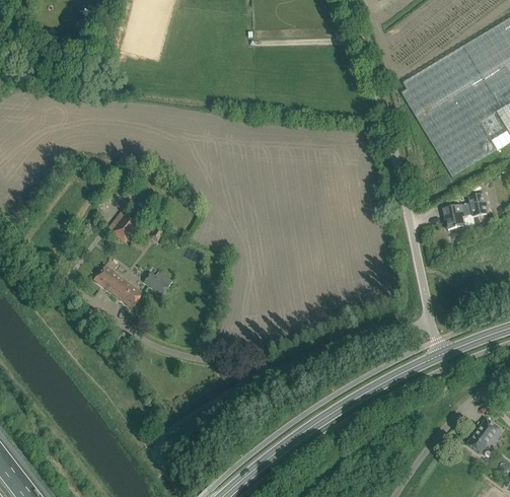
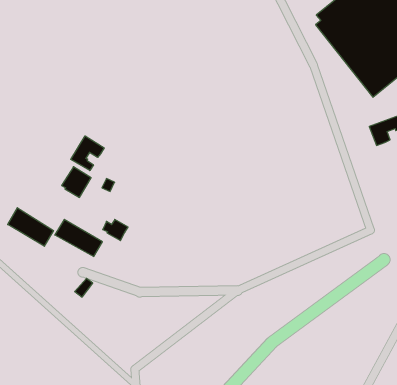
building: none -> [71,136,104,171]
building: none -> [8,208,53,246]

